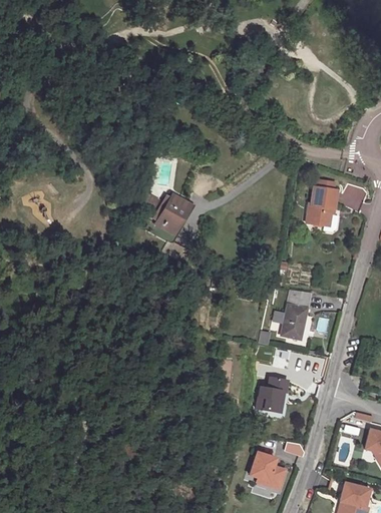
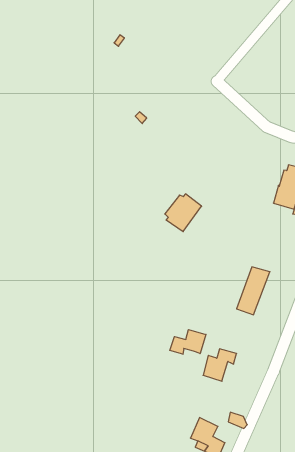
building: [152,193,189,232] -> [165,194,202,232]
building: none -> [170,330,206,354]

